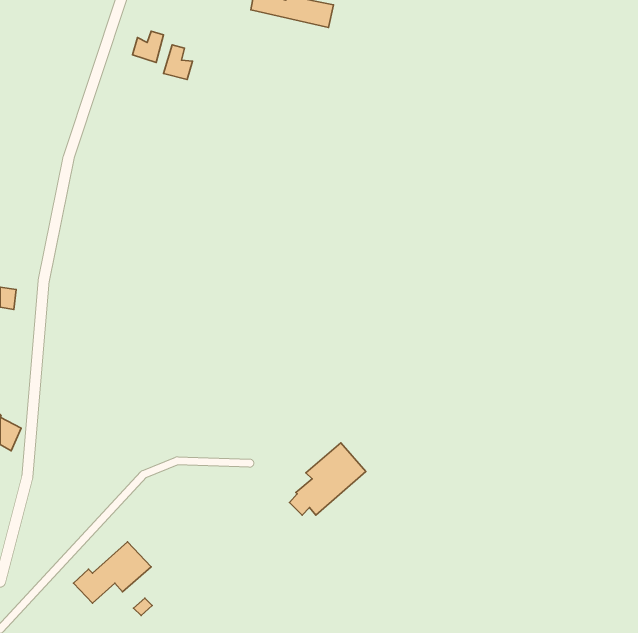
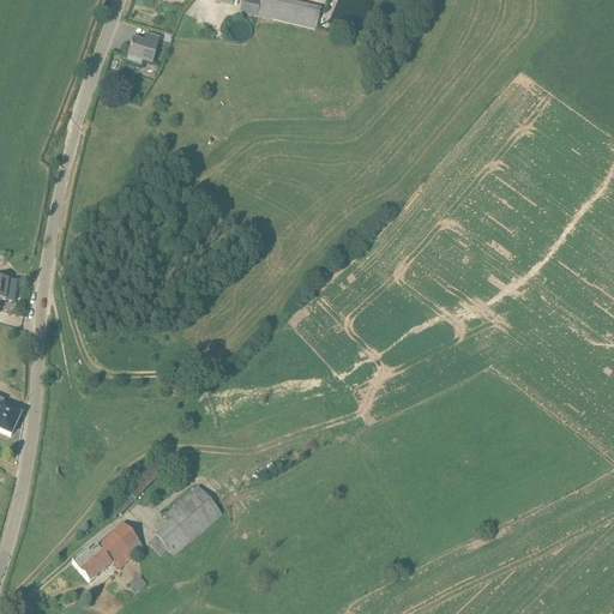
building: [164,45,192,79] -> none
building: [290,443,366,515] -> [149,483,222,553]

